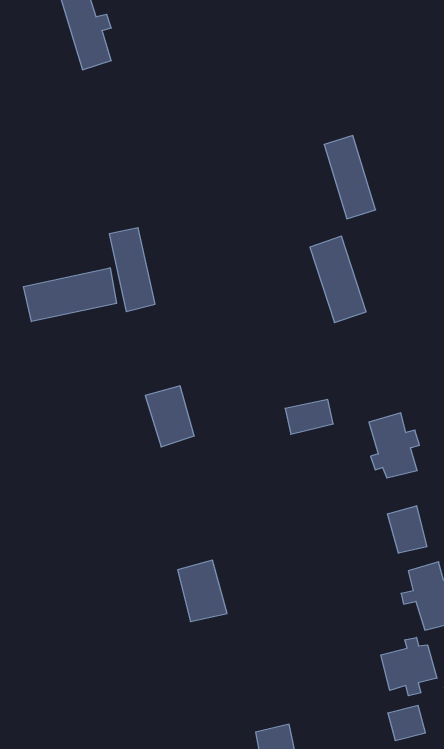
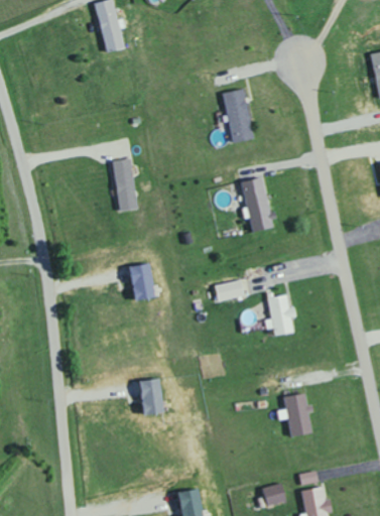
building: [324,136,376,219] -> [223,89,252,142]
building: [23,268,117,322] -> none
building: [388,506,427,553] -> none
building: [381,637,437,696] -> none

